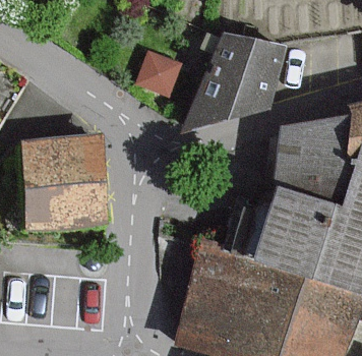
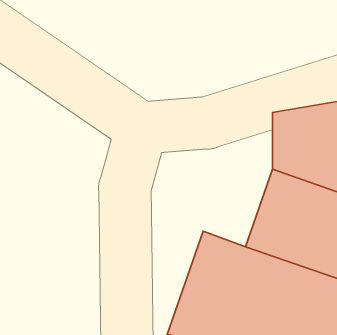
building: [182,31,283,125] -> none
building: [20,136,108,234] -> none

